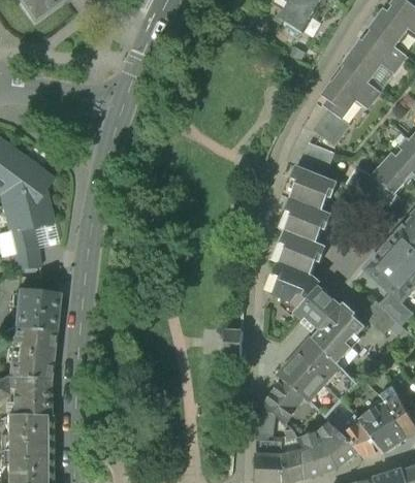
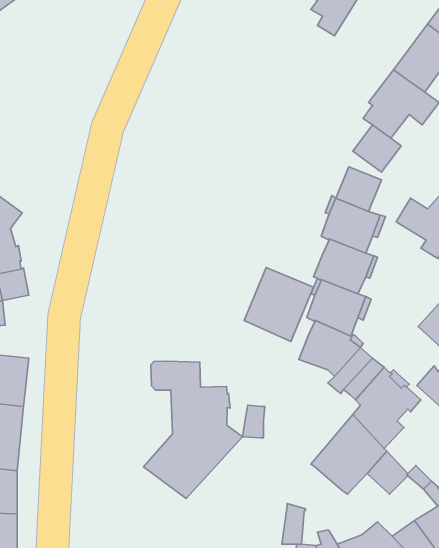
building: none -> [244,268,314,341]
building: none -> [143,361,243,498]
building: [261,378,305,422] -> none

